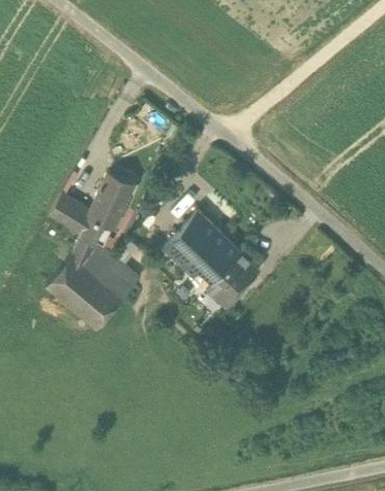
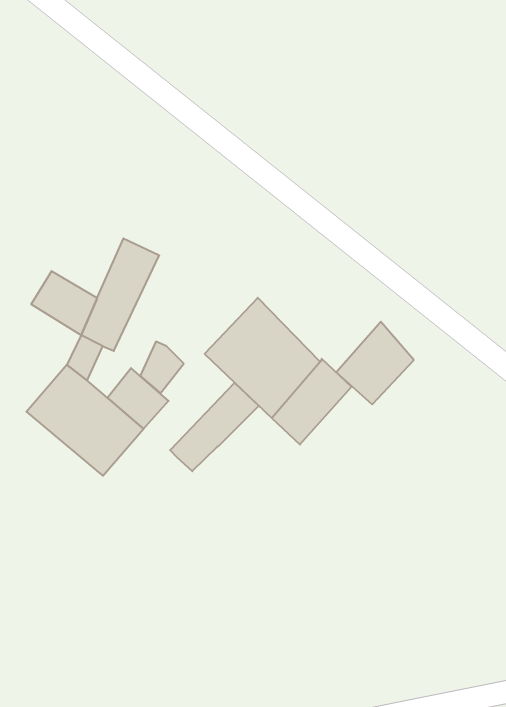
building: none -> [336,322,413,404]
building: [86,243,115,277] -> [140,342,184,393]
building: none -> [170,383,259,471]

